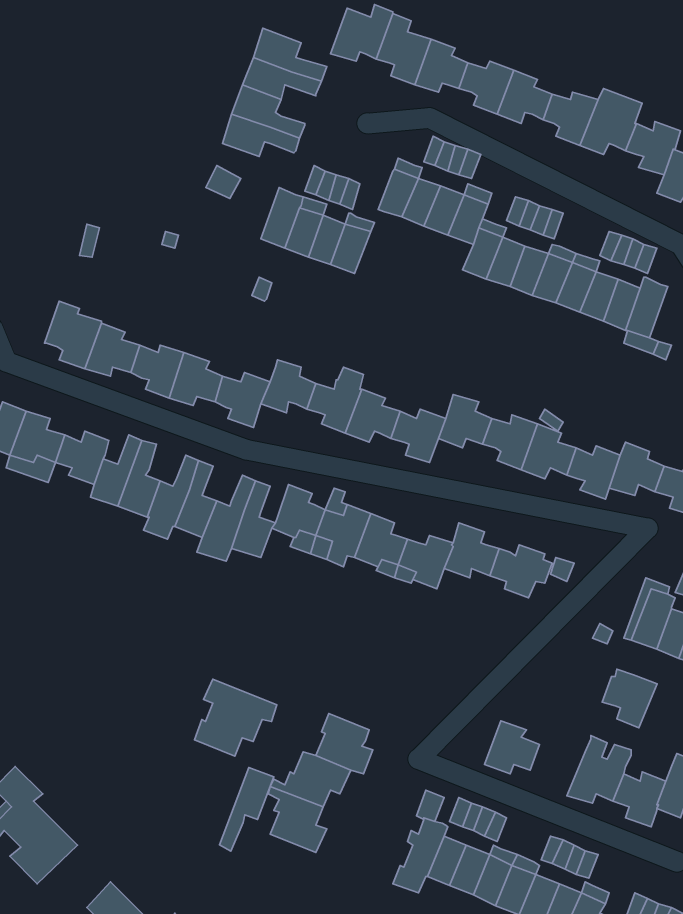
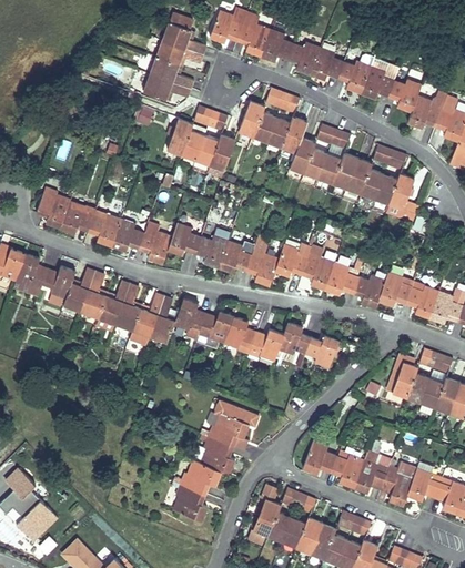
building: [602,669,657,728] -> [331,452,364,487]
building: [195,679,277,756] -> [209,400,259,447]
building: [219,768,274,851] -> none

